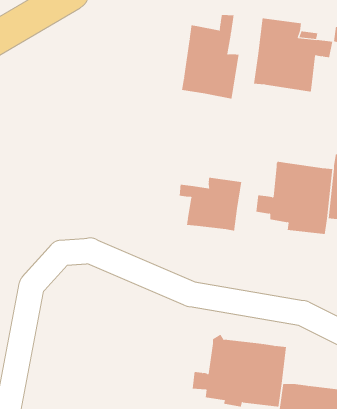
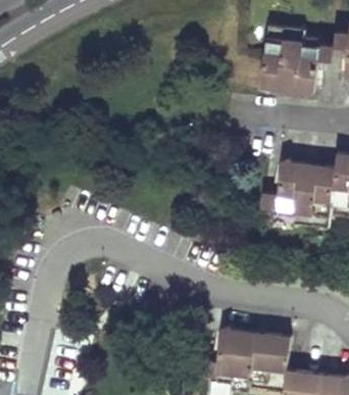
building: [181,14,239,99] -> none
building: [179,177,242,231] -> none

